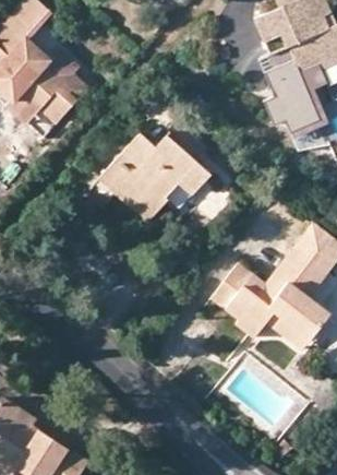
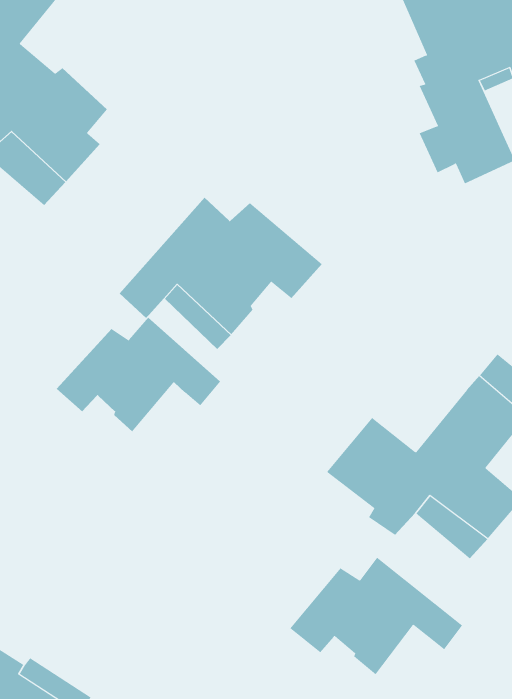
building: none -> [56,317,221,432]
building: none -> [289,557,463,675]

